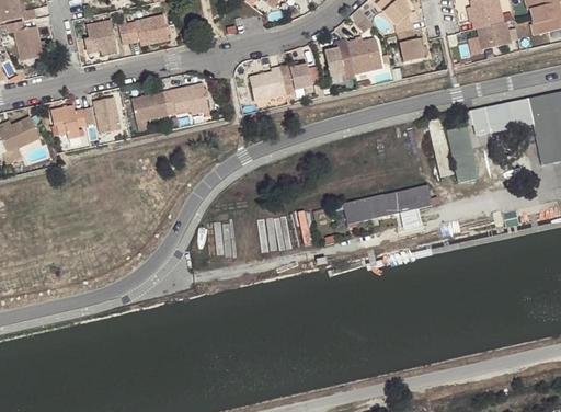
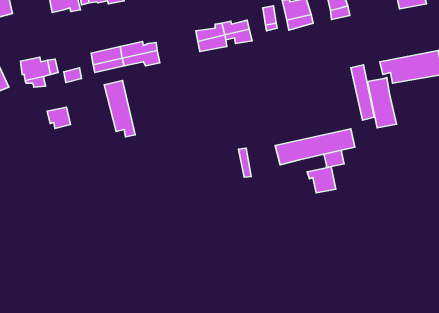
building: [92,96,118,121] -> [47,107,70,128]
building: none -> [104,80,135,137]
building: none -> [307,167,336,193]

